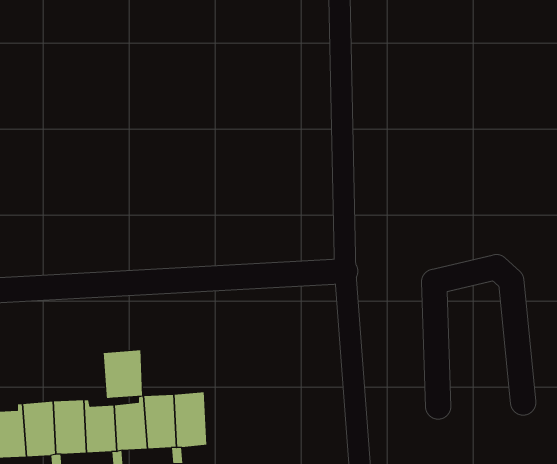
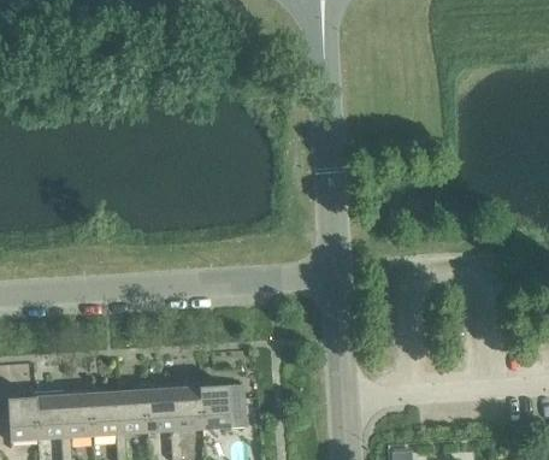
building: [103,350,143,399] -> none
building: none -> [200,382,246,430]

